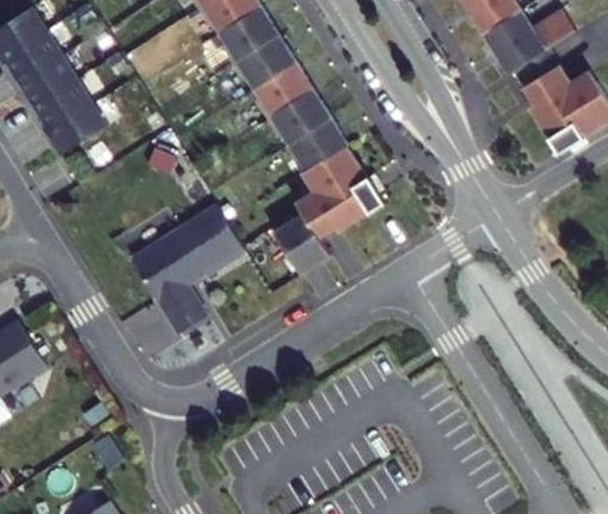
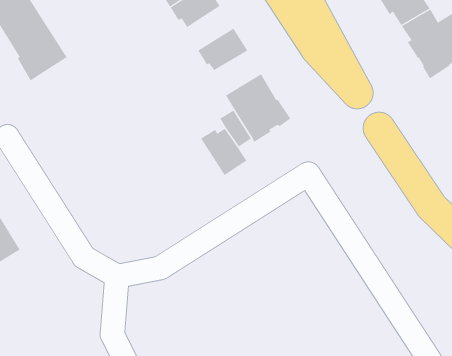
building: [254,61,313,117] -> none
building: [288,117,349,173] -> none
building: [130,204,244,334] -> none

